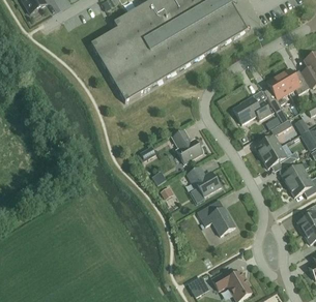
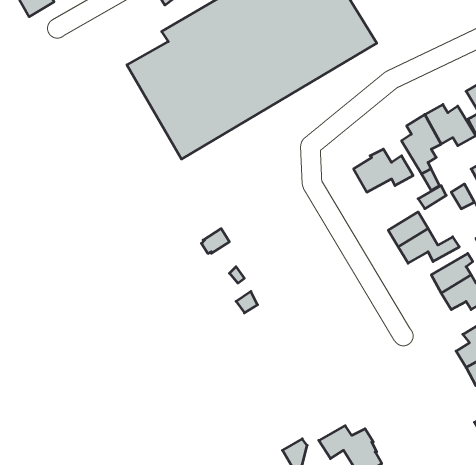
building: [172,130,202,163] -> none
building: [186,167,222,197] -> none
building: [197,200,235,235] -> none

